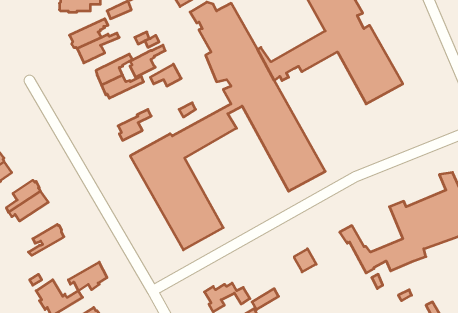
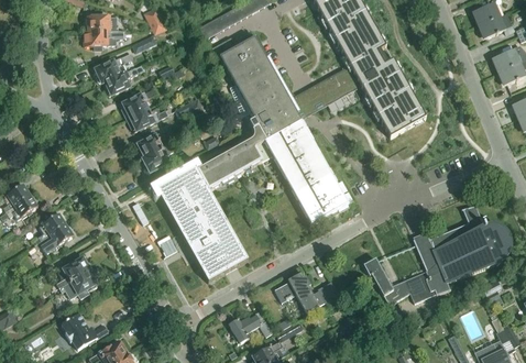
building: [130,45,165,77] -> [138,127,173,158]
building: none -> [275,272,320,312]
building: [68,262,107,291] -> [57,270,96,298]

